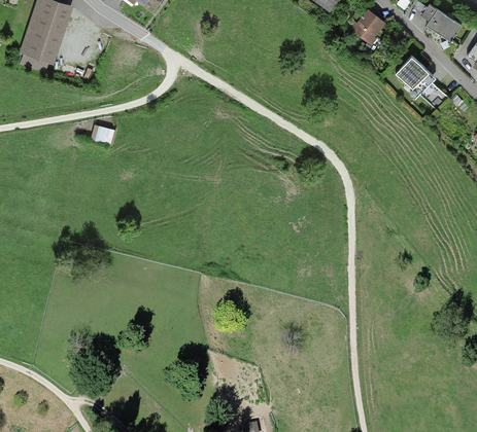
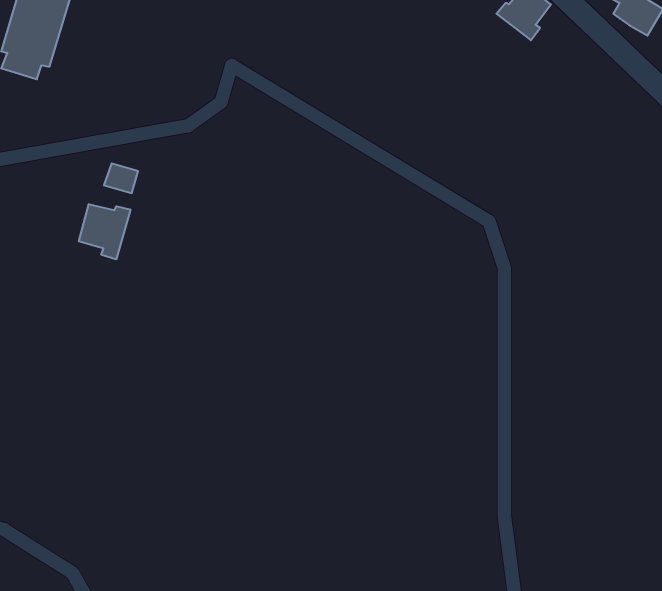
building: [395,53,449,110] -> none
building: none -> [79,204,130,259]

